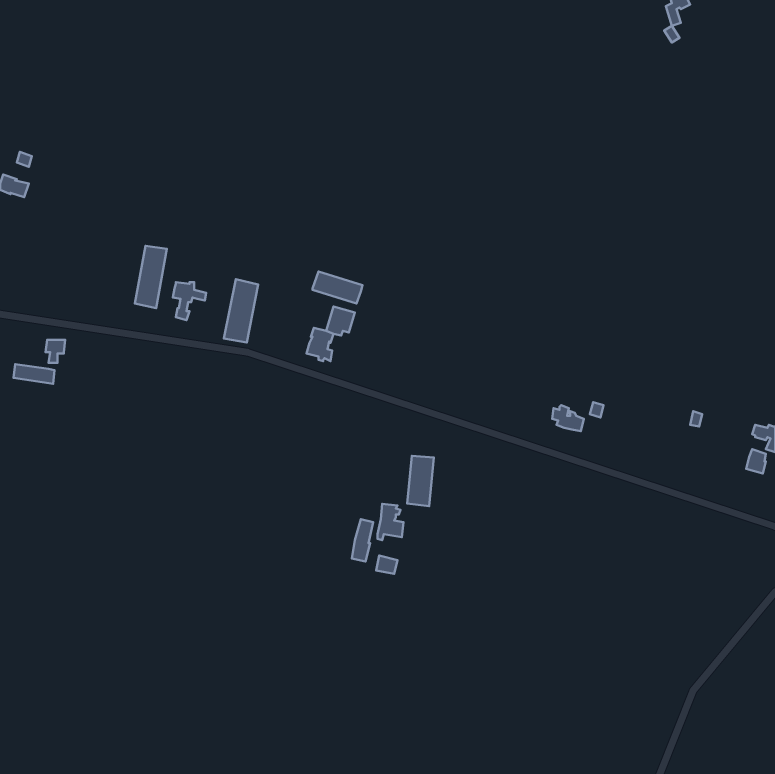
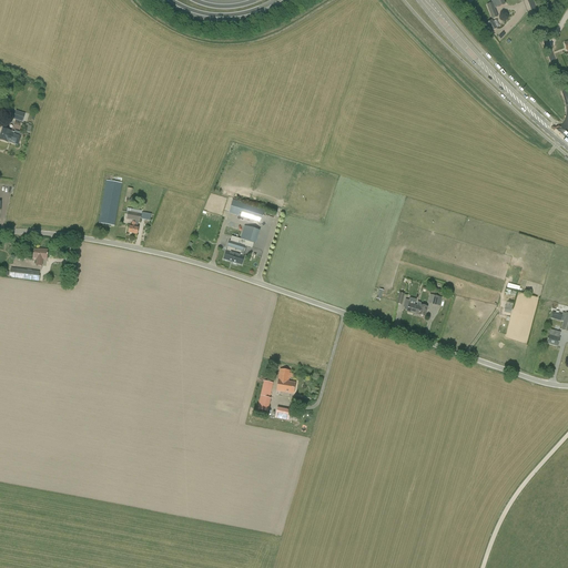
building: [224,279,258,342] -> none
building: [407,456,434,506] -> none

